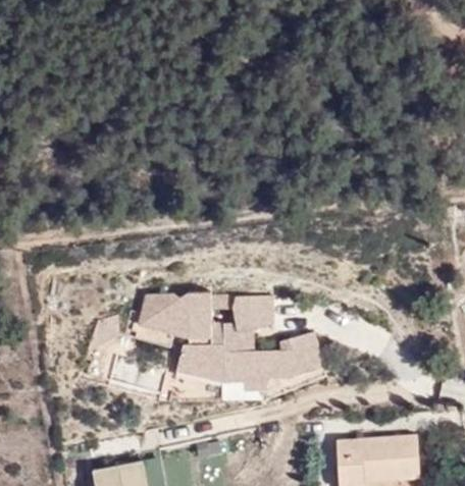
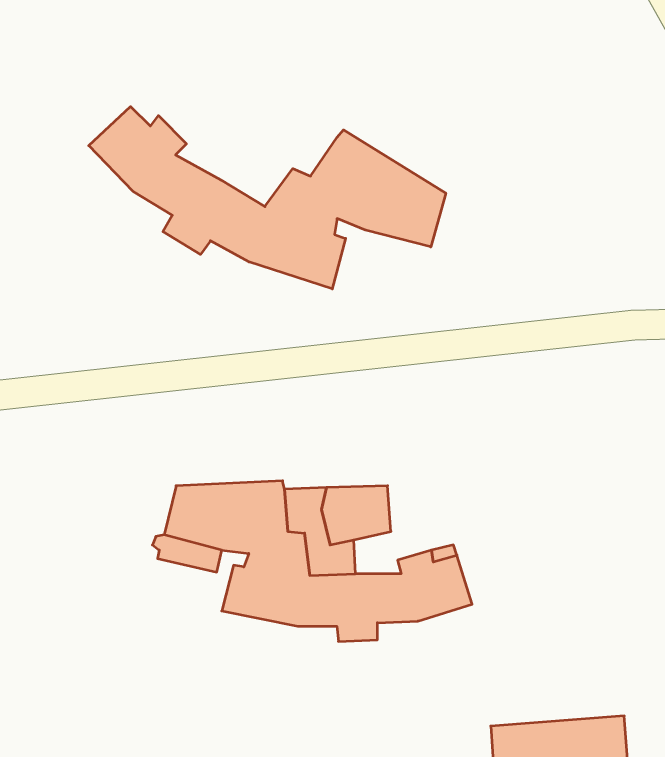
building: none -> [89,107,446,289]

